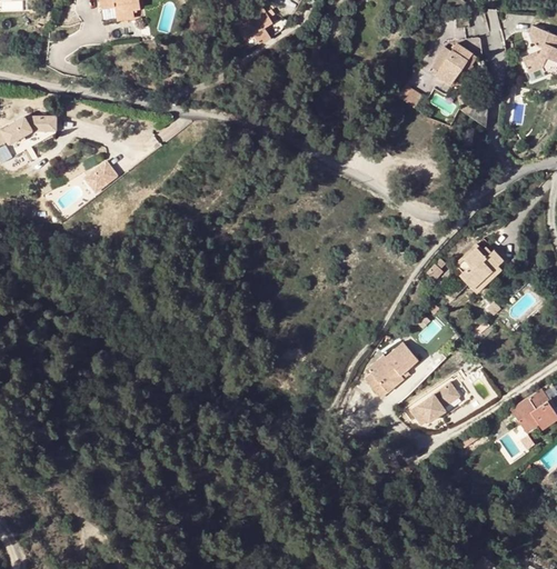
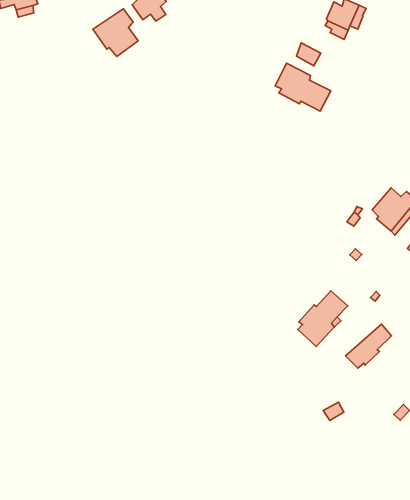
building: none -> [93,9,138,57]
building: none -> [275,63,331,111]
building: [86,160,118,191] -> none

